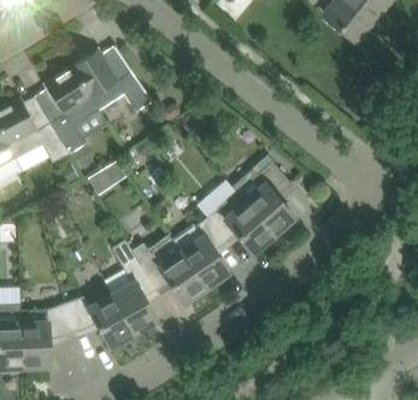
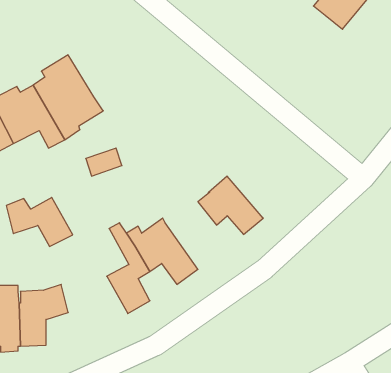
building: [71,47,152,113] -> none
building: [231,158,293,236] -> none
building: [171,219,226,289] -> none
building: [64,296,133,347] -> [6,197,73,246]

